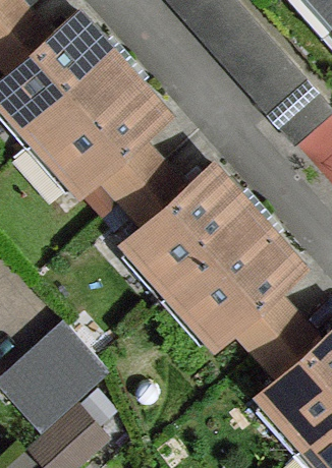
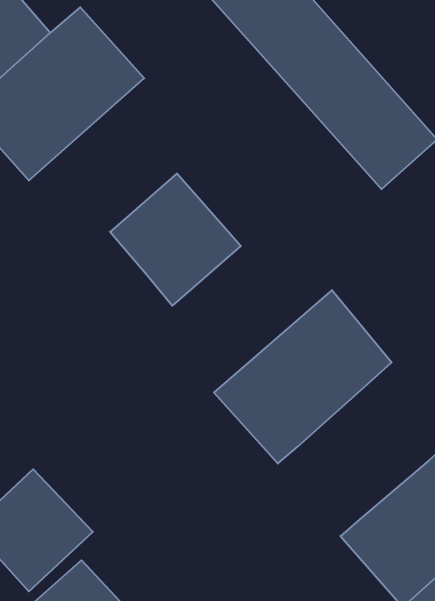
building: [38,64,165,186] -> none
building: [127,166,255,289] -> none
building: [230,285,324,378] -> none

